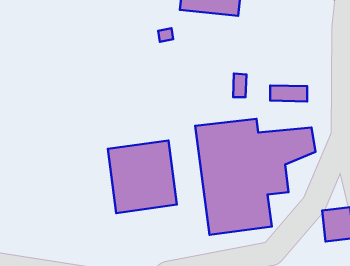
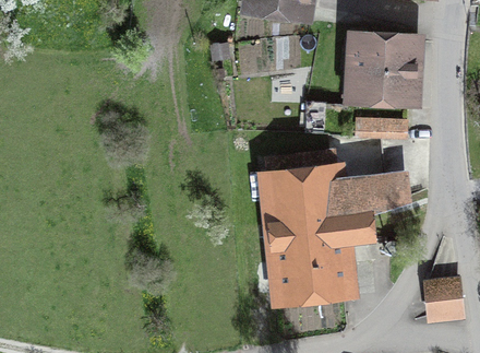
building: none -> [347,32,421,106]
building: [108,140,177,213] -> none

